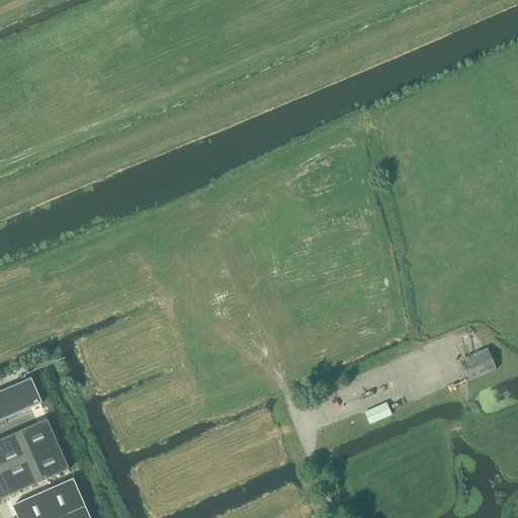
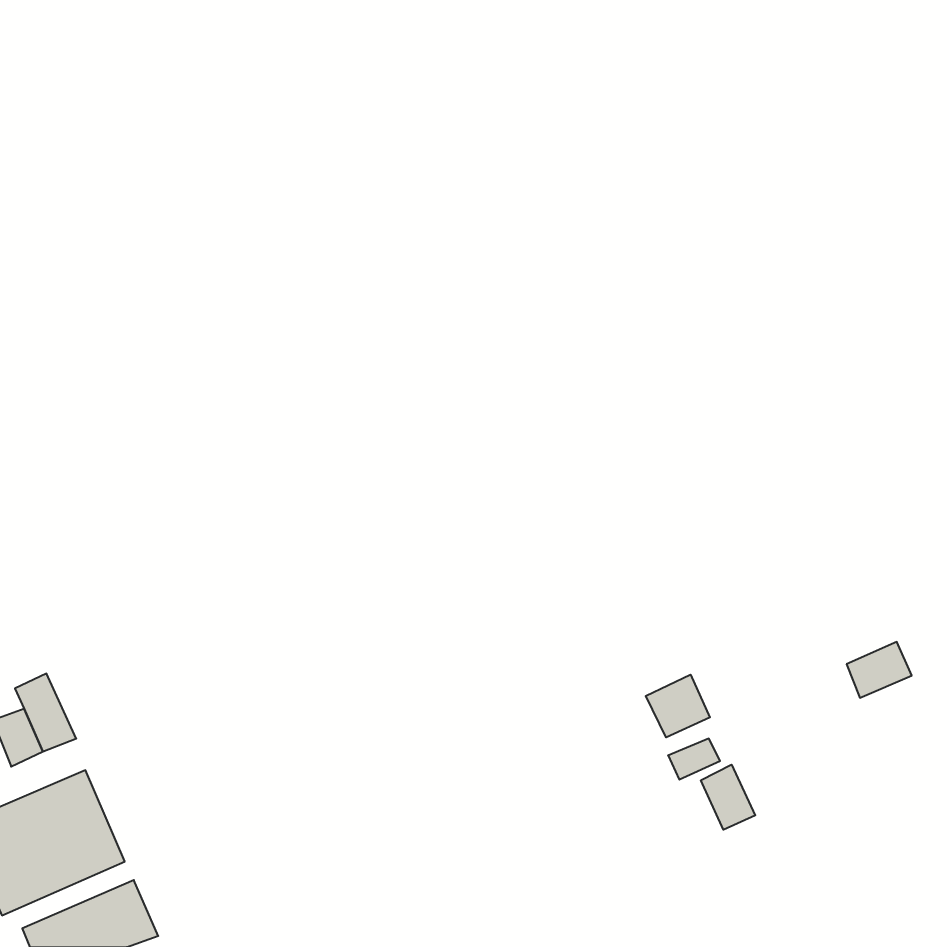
building: none -> [646,675,710,737]
building: none -> [701,765,755,830]

